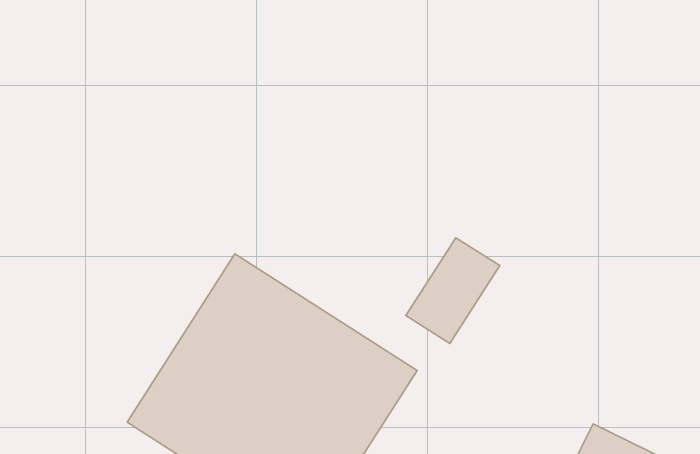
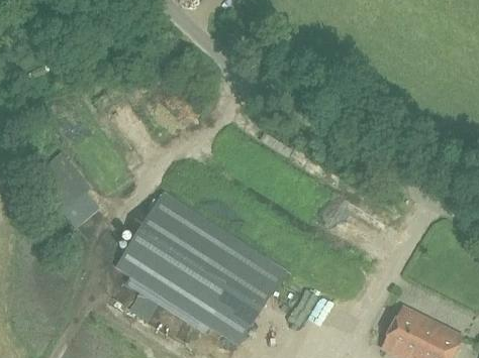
building: [406,238,500,343] -> none

